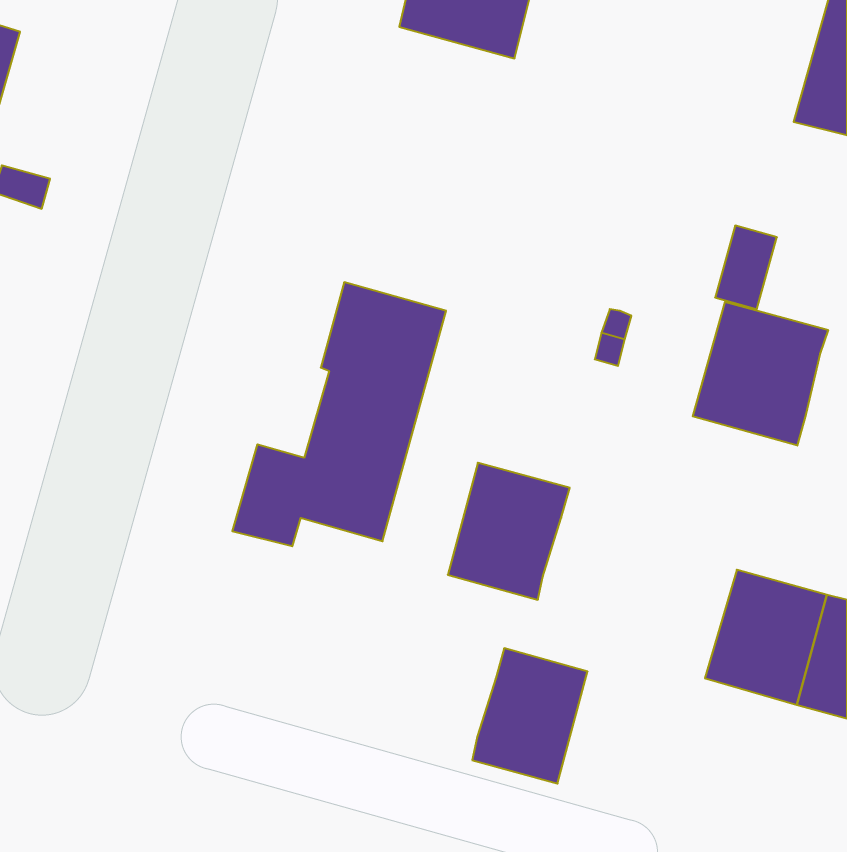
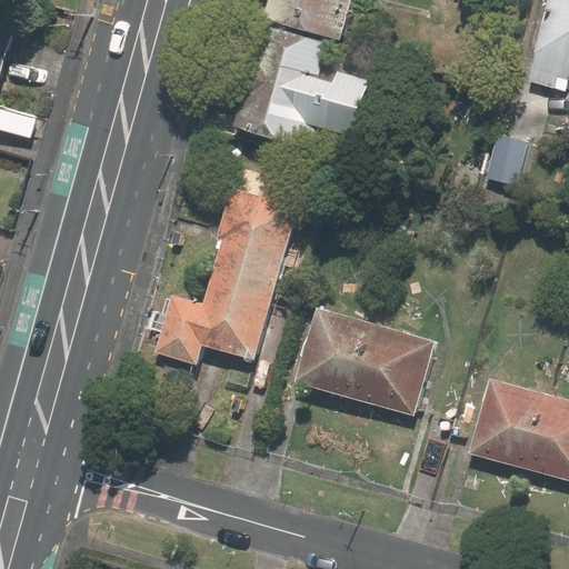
building: none -> [228,26,371,149]
building: [693,302,828,446] -> none
building: [472,648,588,784] -> [358,325,435,415]

